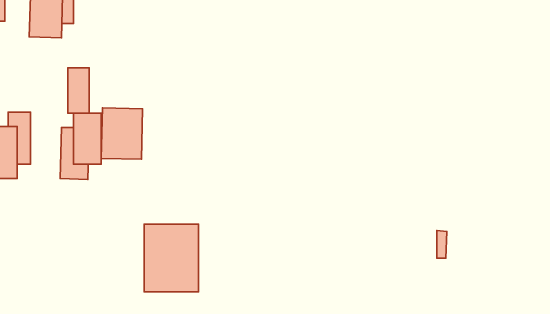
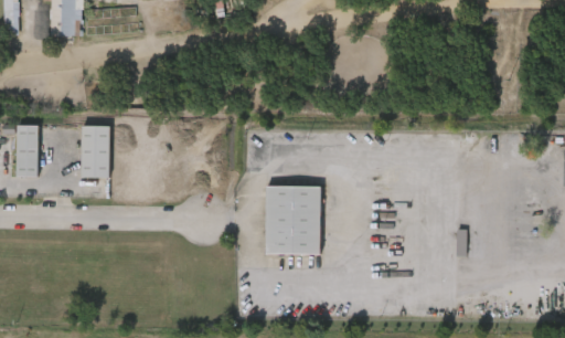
building: [68,68,89,113] -> none
building: [101,108,143,159] -> none
building: [144,224,198,292] -> [267,184,321,252]

